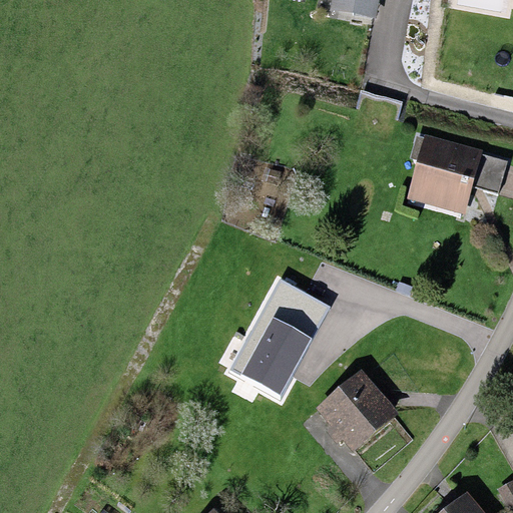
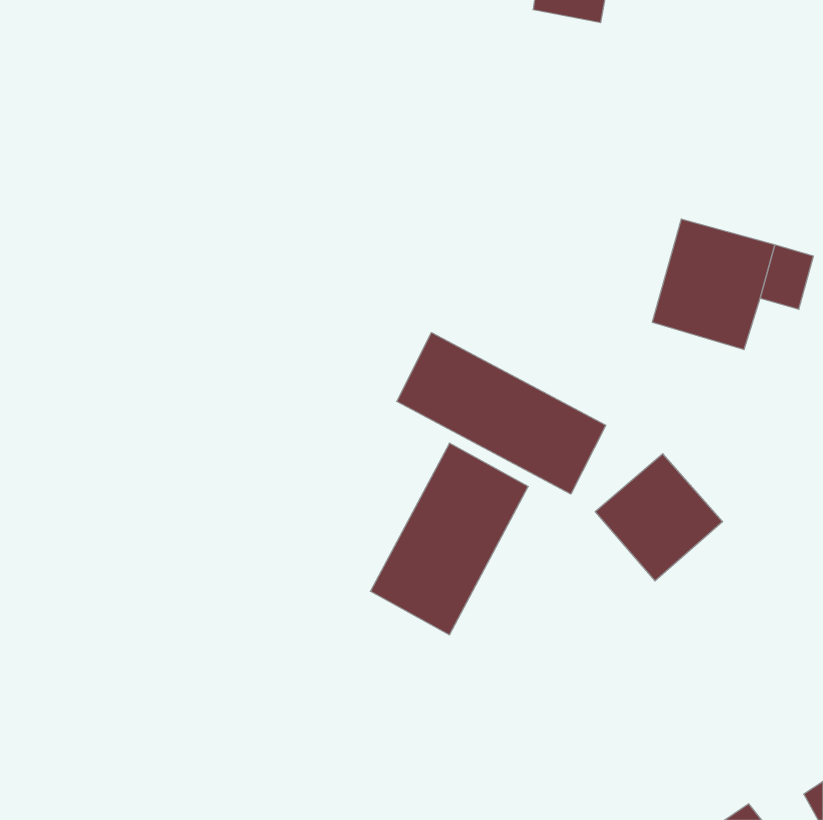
building: none -> [397,333,606,494]
building: [317,370,396,449] -> [595,454,723,581]

